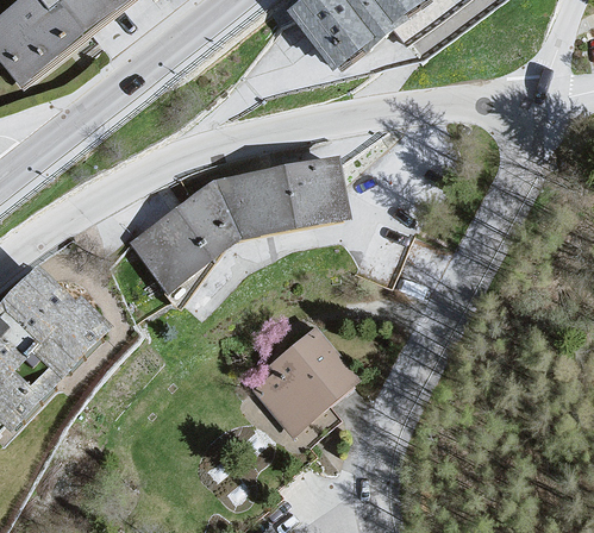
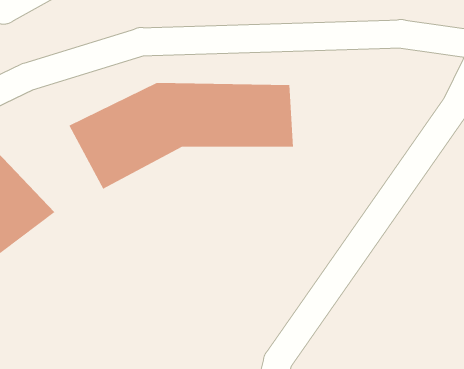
building: [245,325,359,435] -> none

